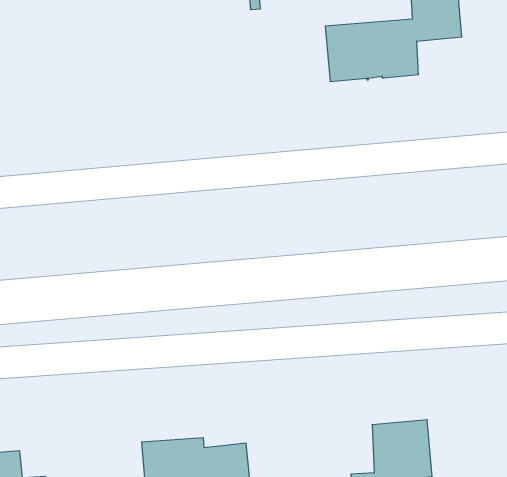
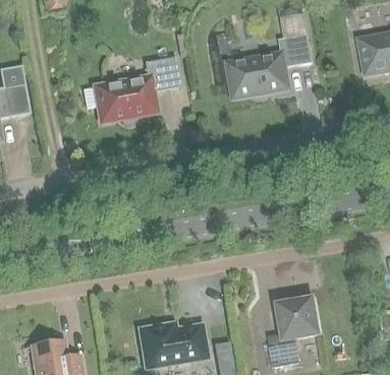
building: none -> [82,57,179,120]

